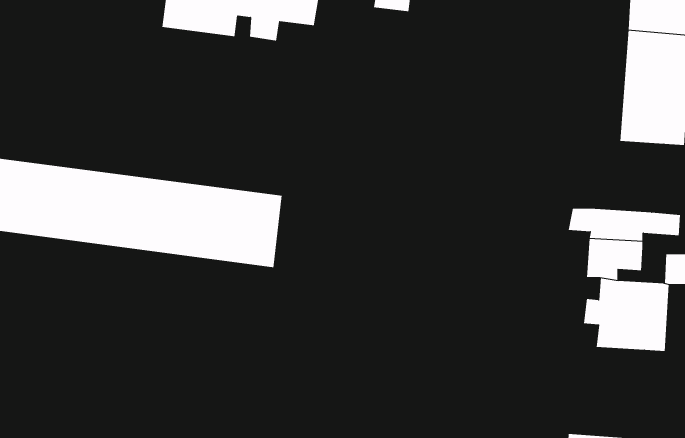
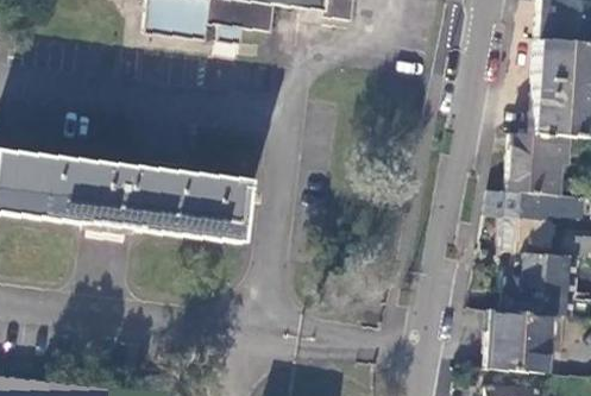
building: none -> [507,132,570,194]
building: none -> [485,307,553,371]

